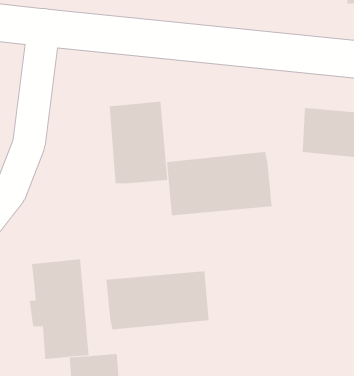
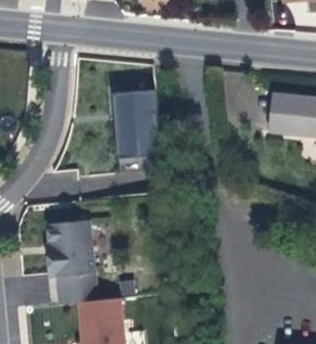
building: [167,151,272,216] -> none
building: [106,271,209,330] -> none

